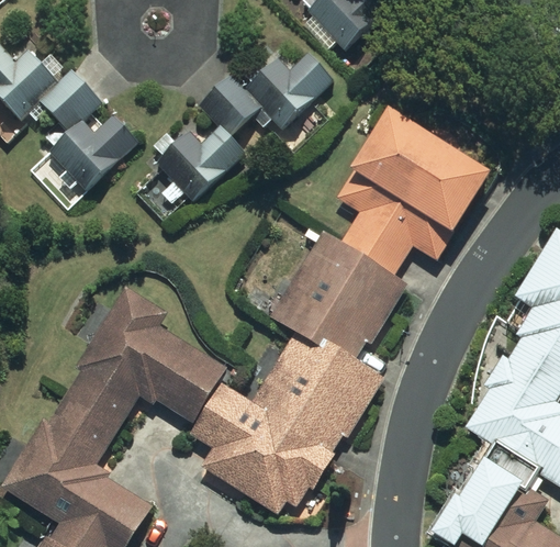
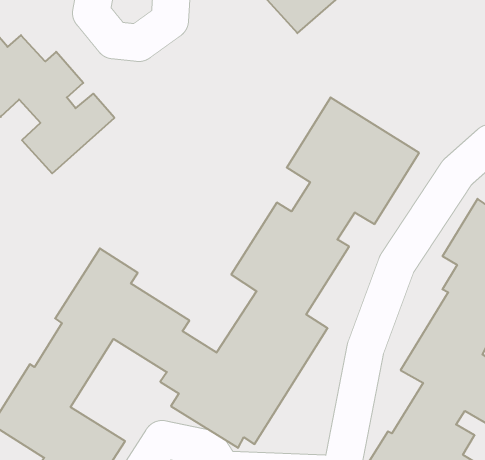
building: [159,52,335,201] -> none

